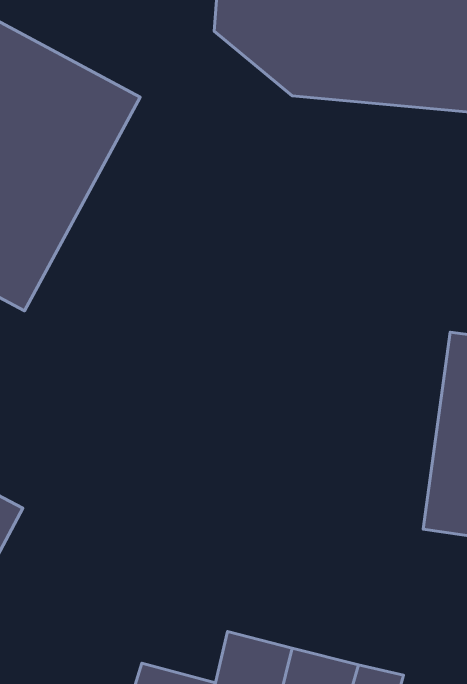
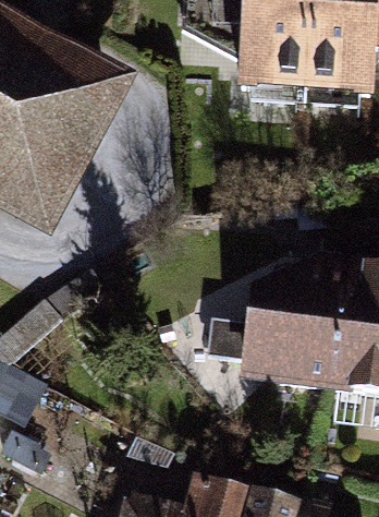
building: none -> [219,252,359,395]

